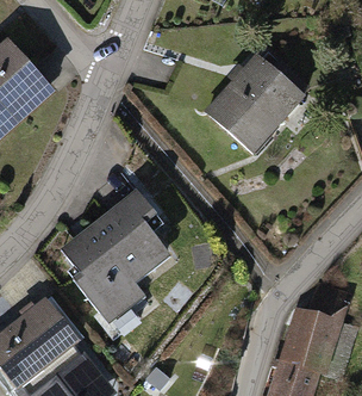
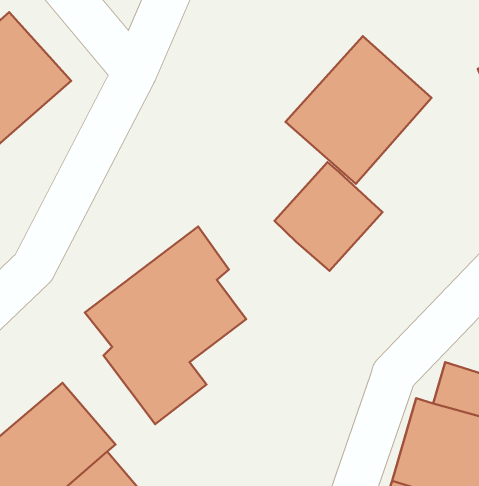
building: none -> [275,162,383,271]

